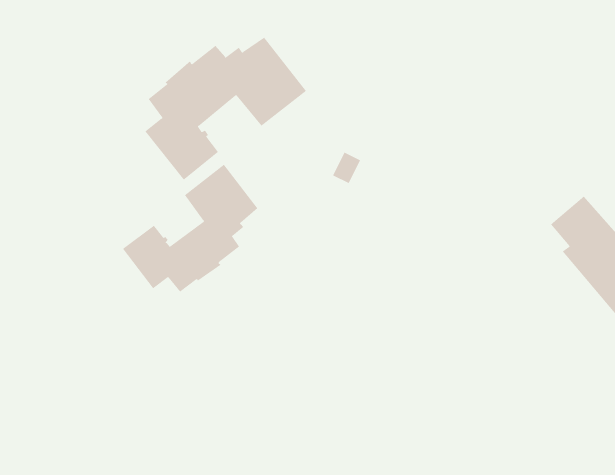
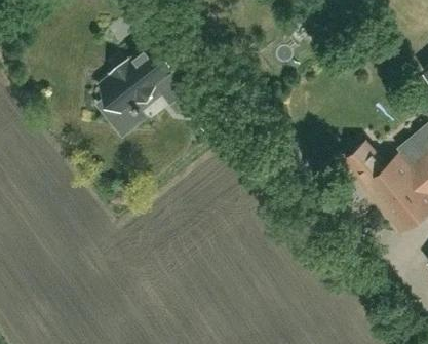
building: [122,164,258,292] -> none

